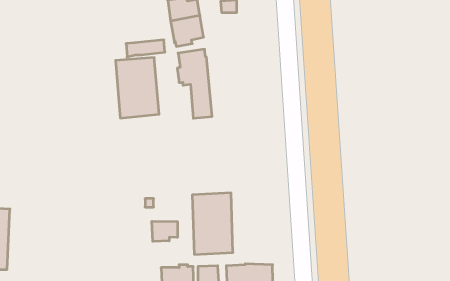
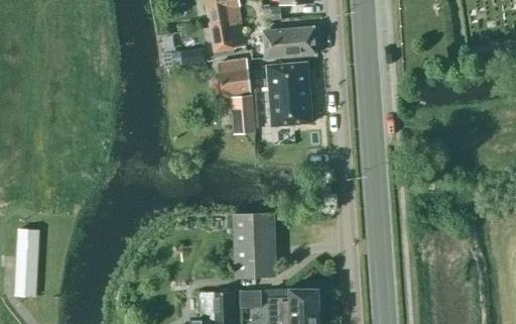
building: none -> [262,26,315,59]
building: [116,58,159,118] -> [266,62,312,126]
building: [152,221,177,241] -> none

